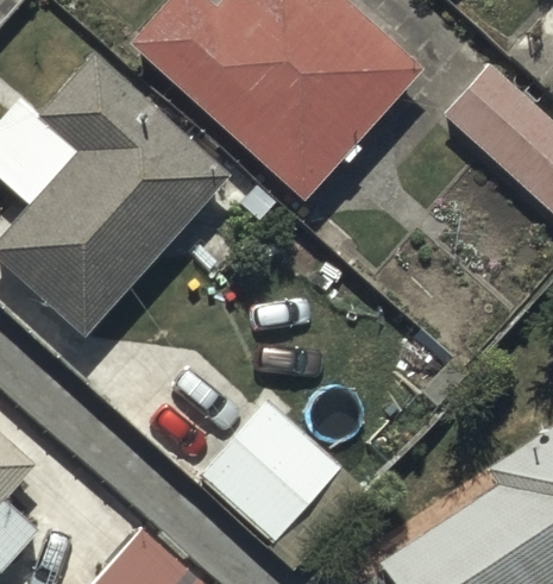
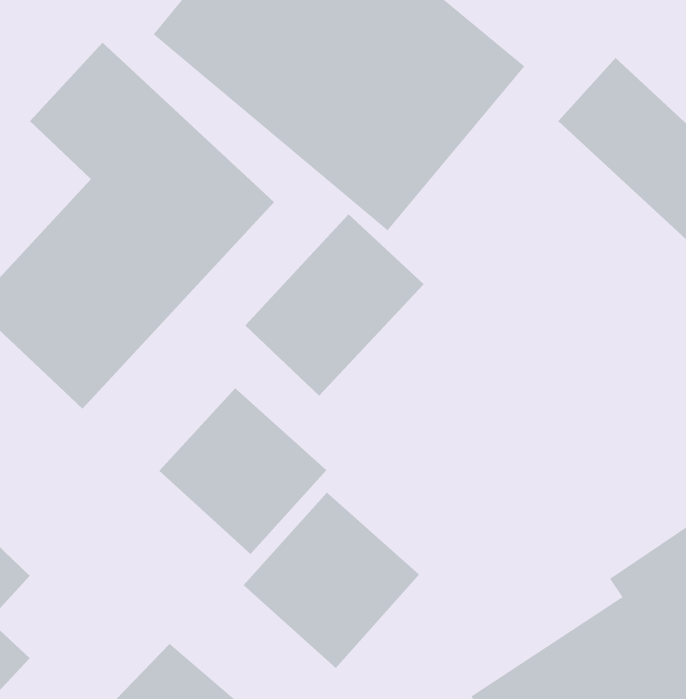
building: none -> [245,214,425,396]
building: none -> [159,387,327,555]

